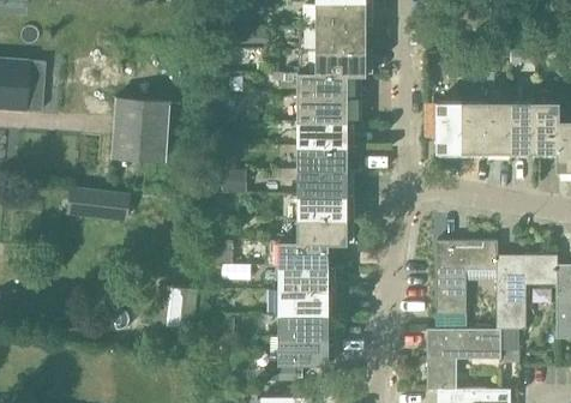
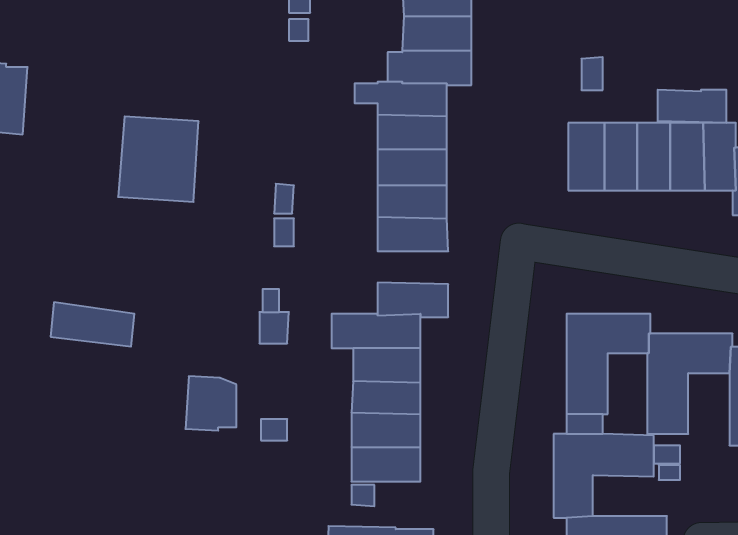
building: none -> [658,90,726,123]
building: [65,186,126,218] -> [51,302,134,347]
building: [299,196,350,219] -> none

